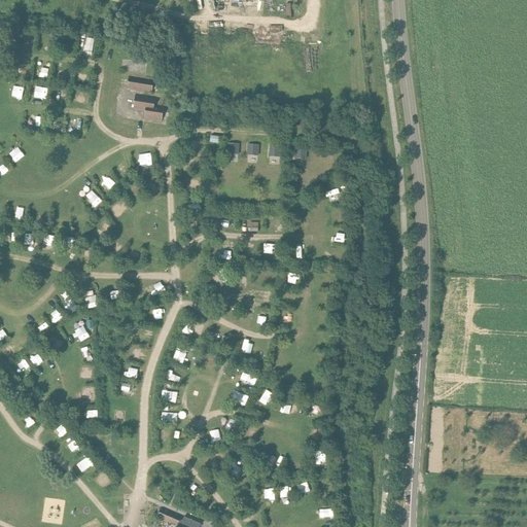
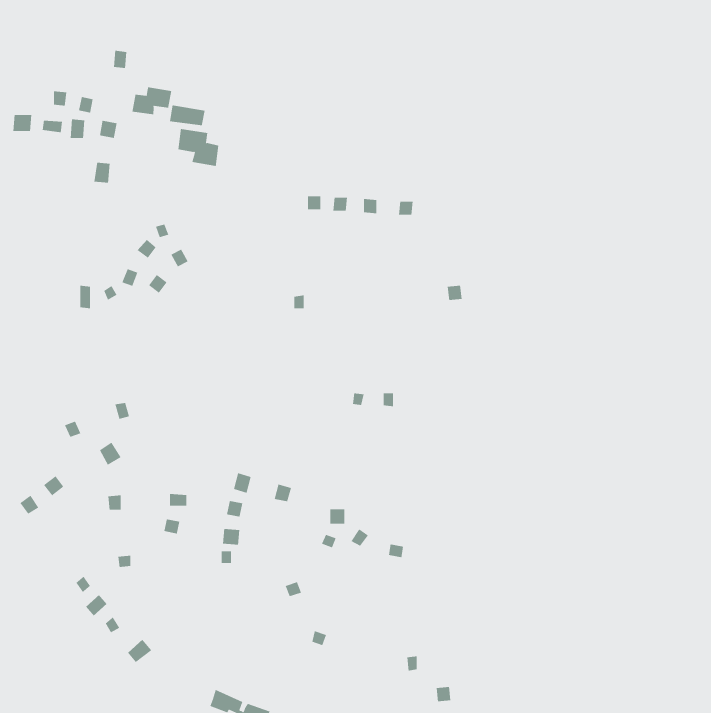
building: none -> [132,87,172,115]

